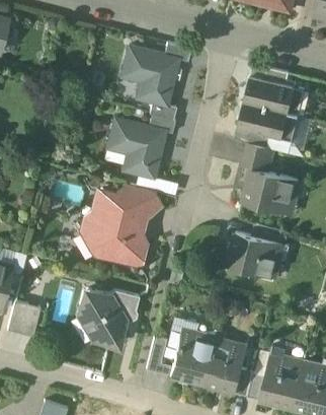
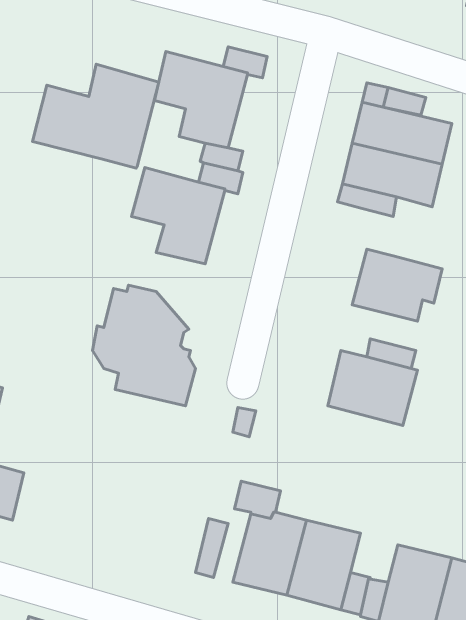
building: none -> [33,64,159,168]
building: [243,144,273,174] -> none
building: [121,186,161,219] -> none
building: [77,290,139,346] -> none

